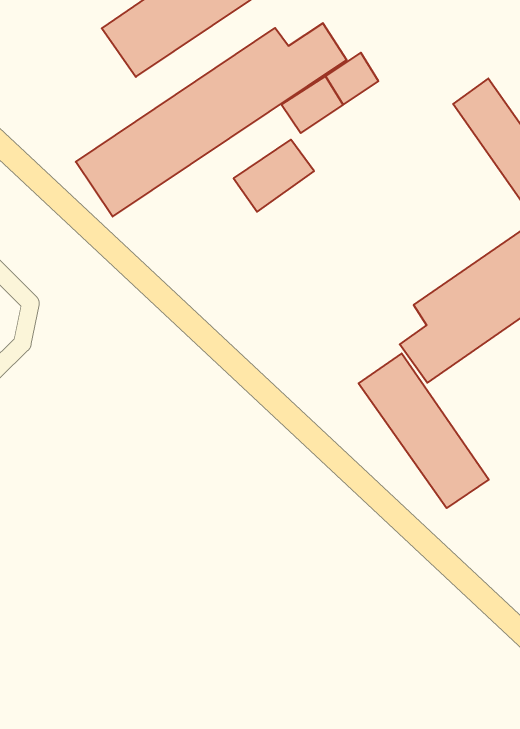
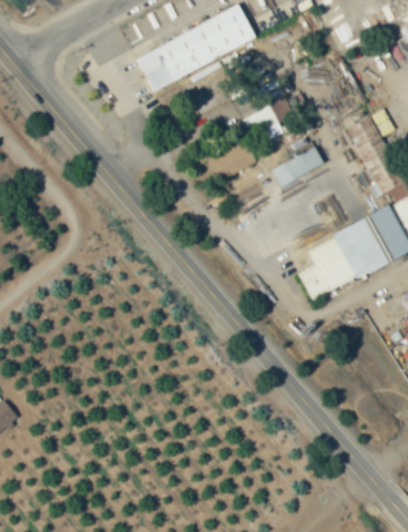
building: [76,23,347,217] -> none
building: none -> [283,147,323,180]
building: [359,353,489,508] -> none

